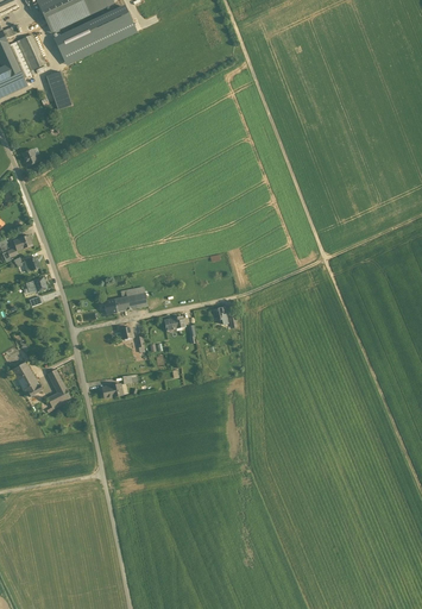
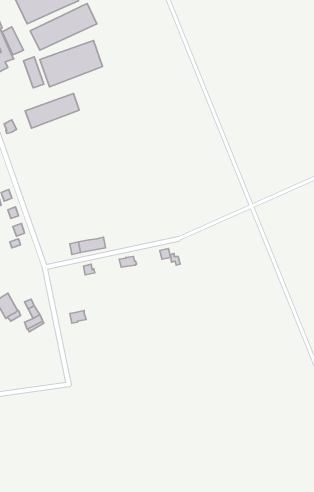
building: none -> [40,40,102,87]
building: none -> [25,93,79,128]

